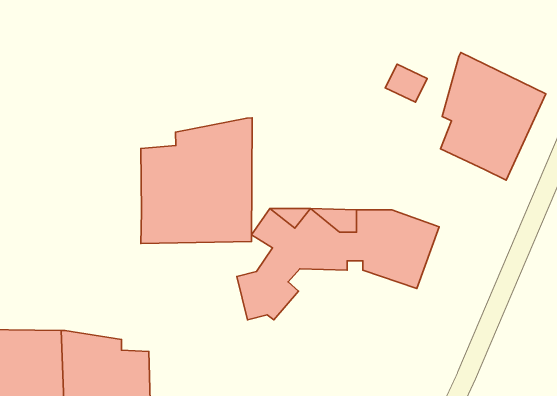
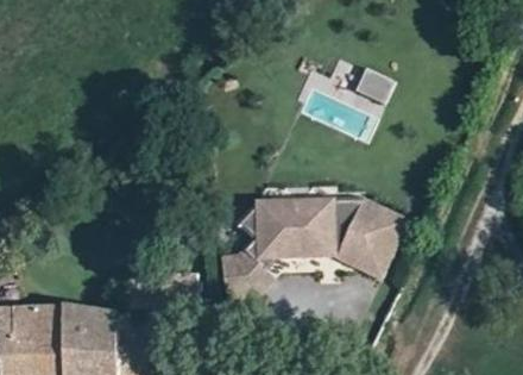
building: [441,52,546,180] -> none
building: [141,118,252,244] -> none

